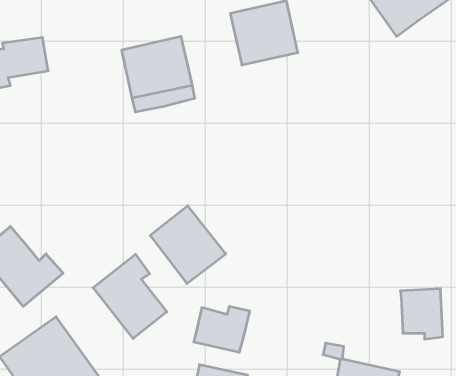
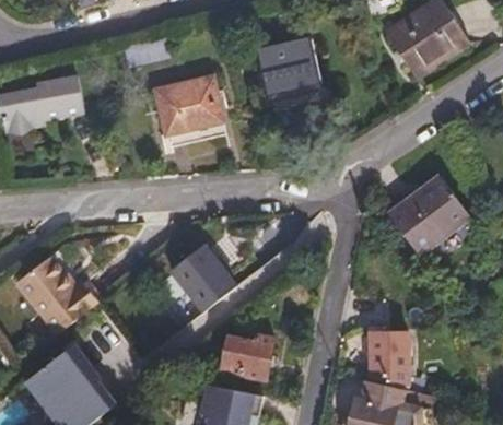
building: none -> [387,174,466,249]
building: [93,254,167,339] -> none
building: [400,289,443,339] -> [365,338,406,386]

